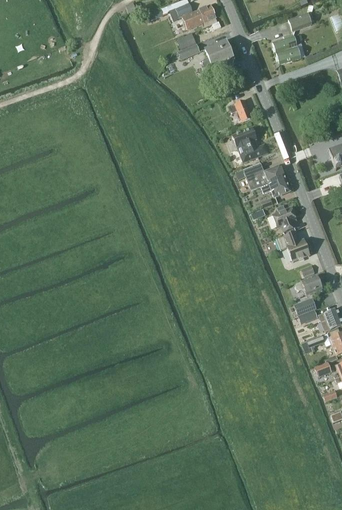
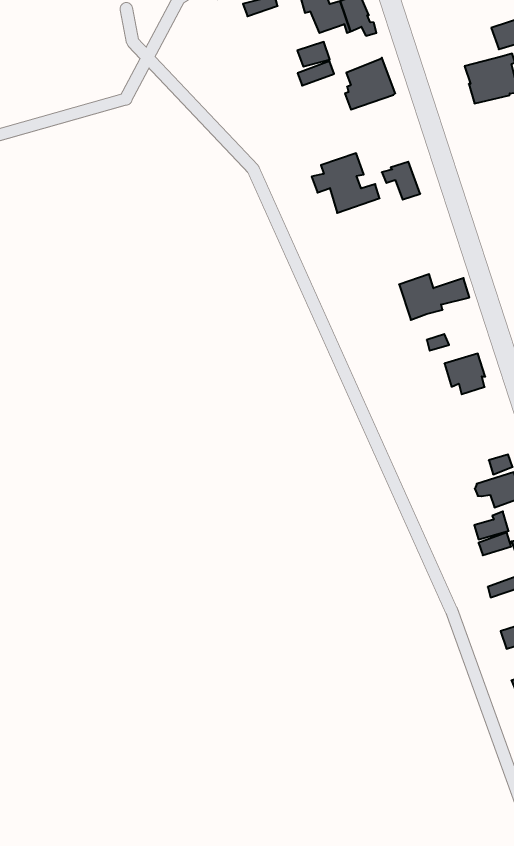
building: [227,126,267,161] -> [312,153,380,213]
building: [260,174,290,196] -> none
building: [276,229,309,260] -> none

